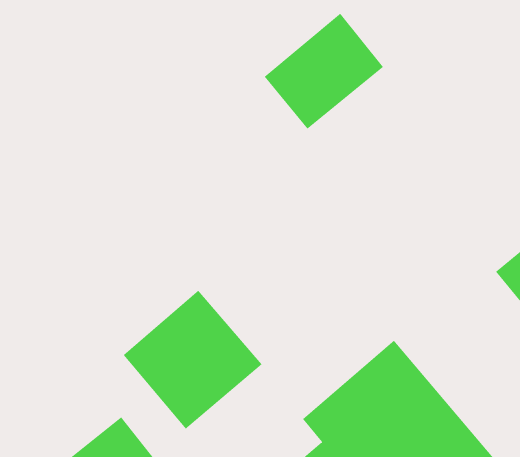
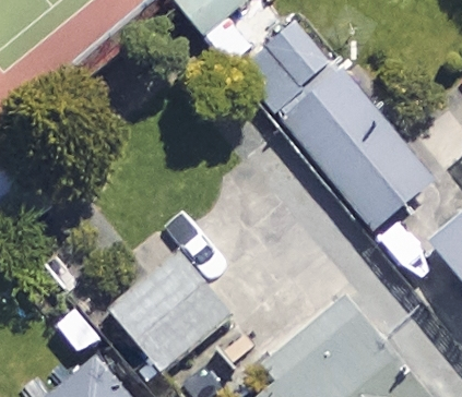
building: none -> [280,65,436,230]

